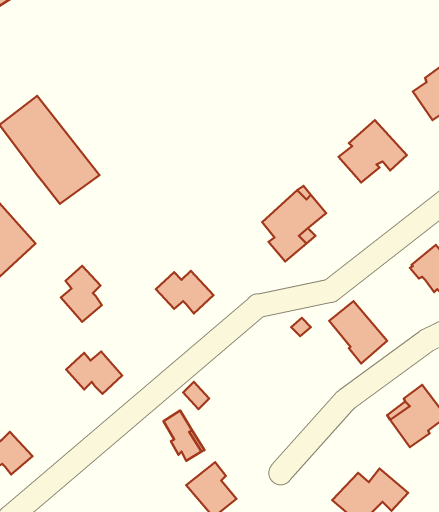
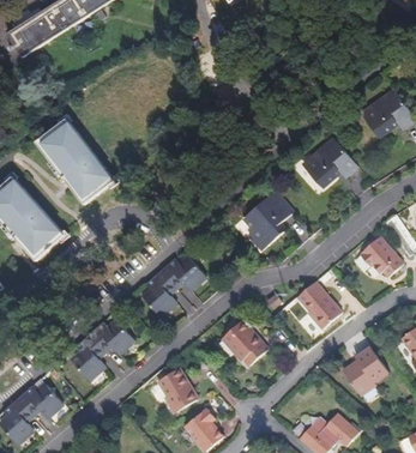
building: [61,266,102,322] -> [143,271,175,315]
building: none -> [221,321,267,366]
building: none -> [71,334,104,380]

